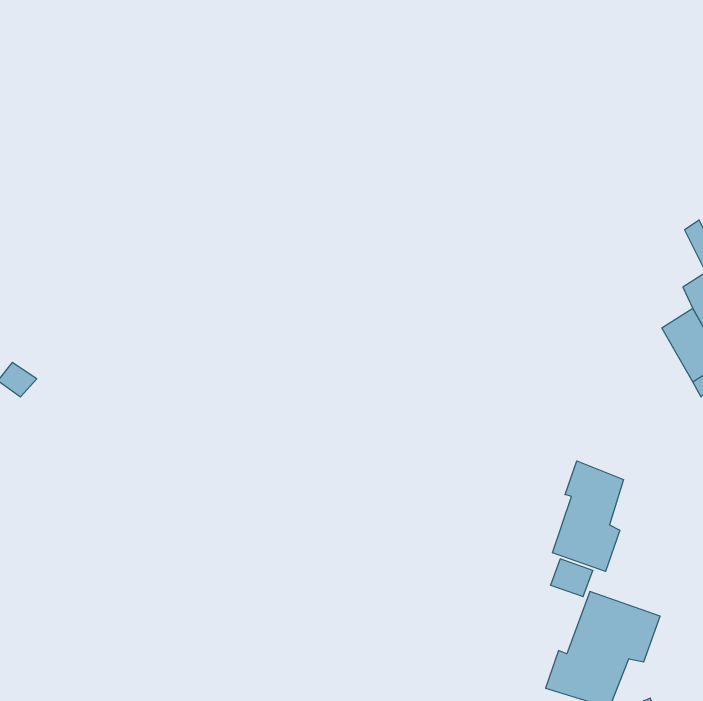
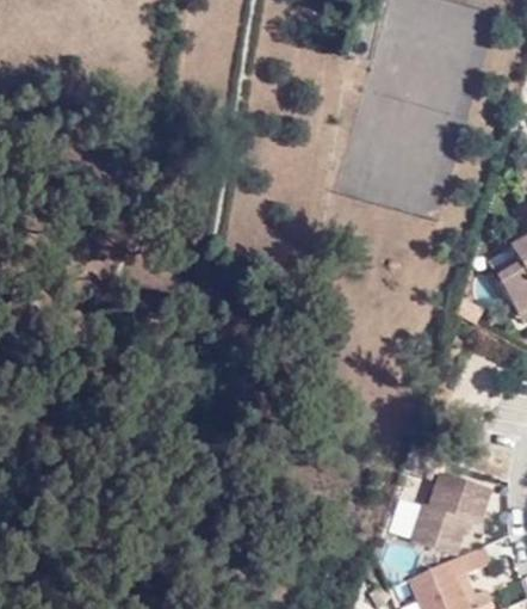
building: [553,461,624,571] -> none

